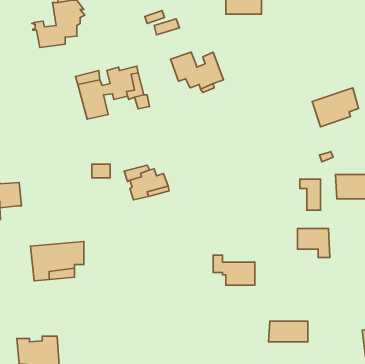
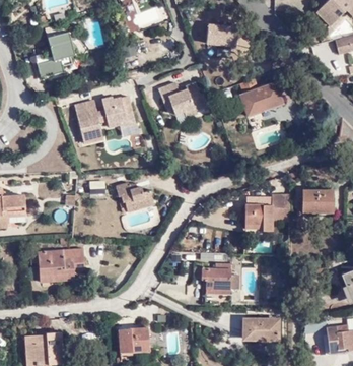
building: [312,88,358,127] -> [238,80,279,115]
building: [297,229,330,257] -> [243,203,272,229]
building: none -> [120,326,148,352]

